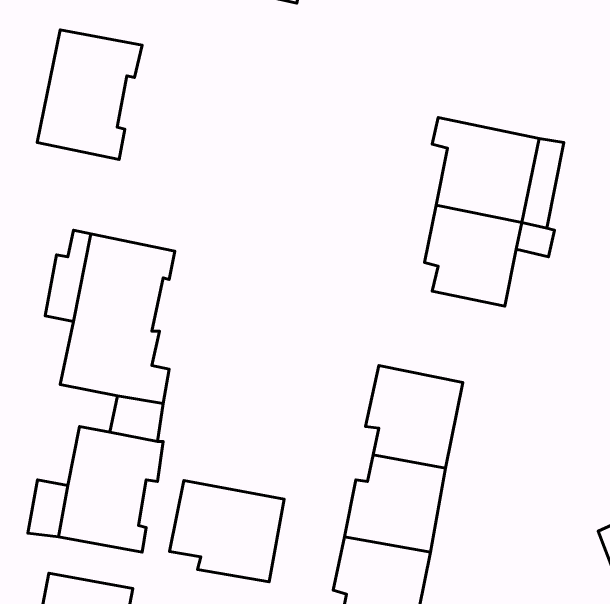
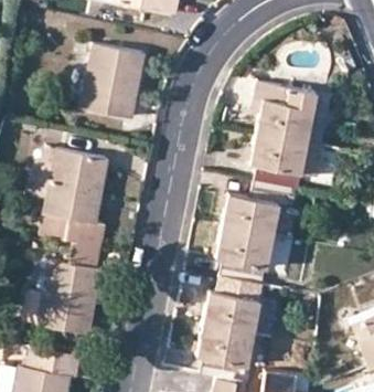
building: [37,30,142,160] -> [85,44,146,119]
building: none -> [225,181,298,234]
building: [169,481,284,582] -> none

